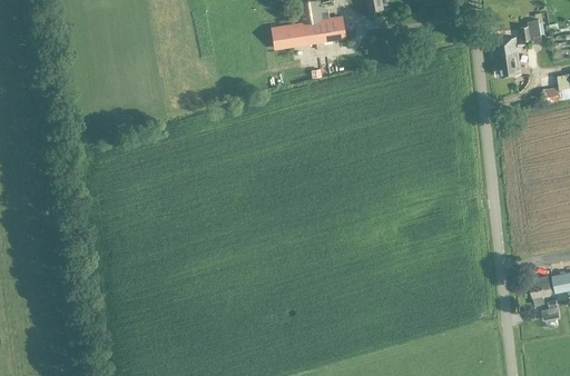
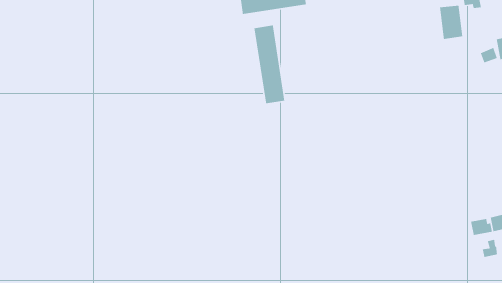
building: none -> [254,25,285,104]

